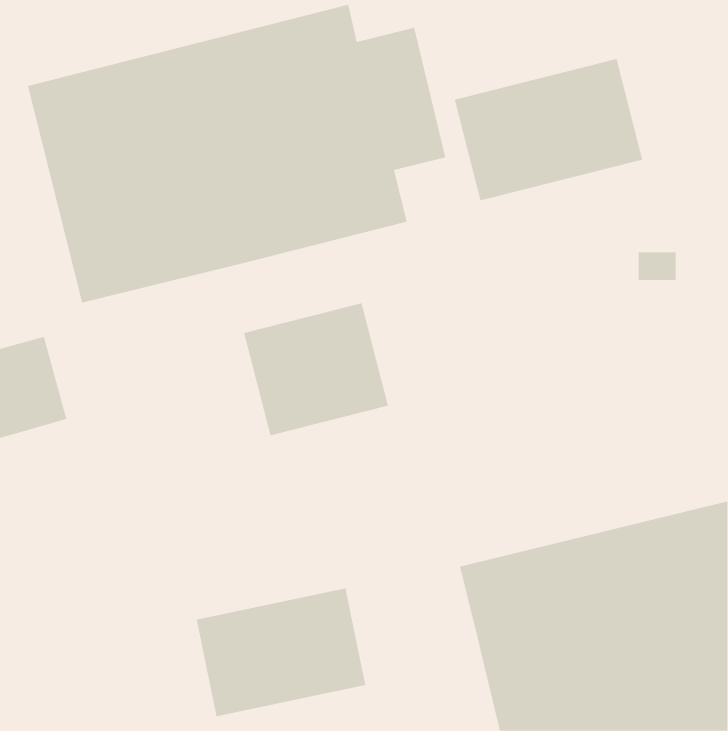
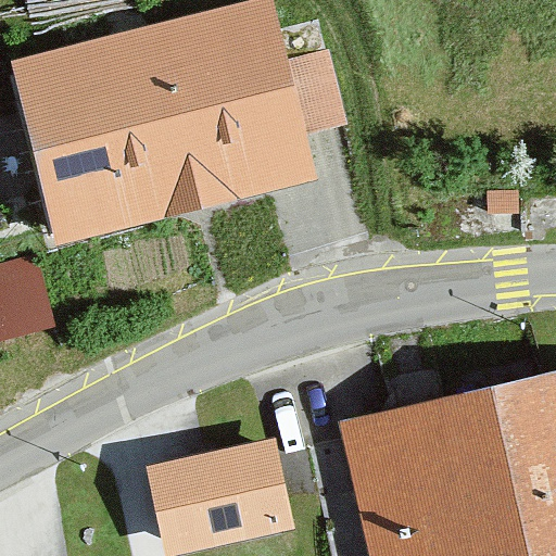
building: [454,58,643,201] -> none
building: [243,303,388,436] -> none

